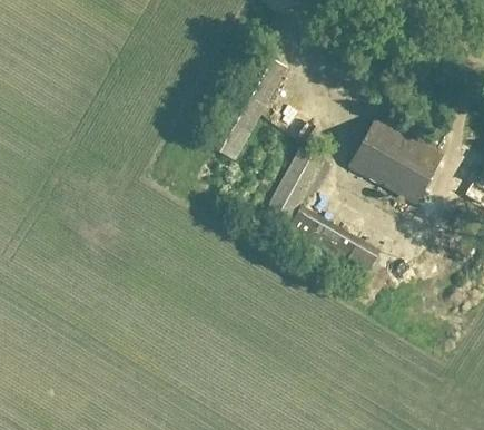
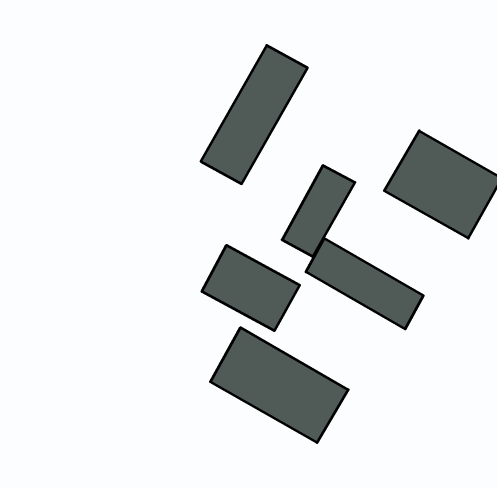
building: none -> [202,245,300,331]
building: none -> [210,328,348,443]

